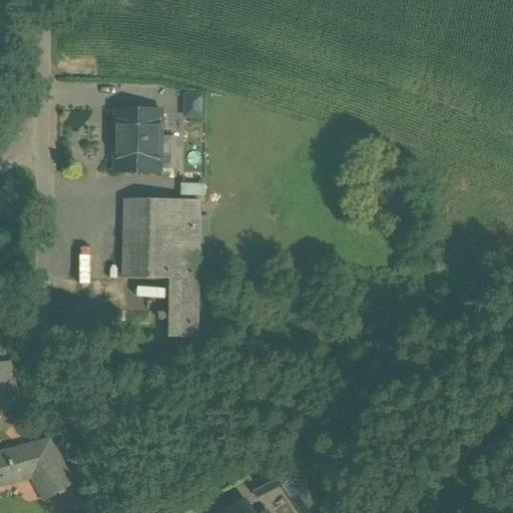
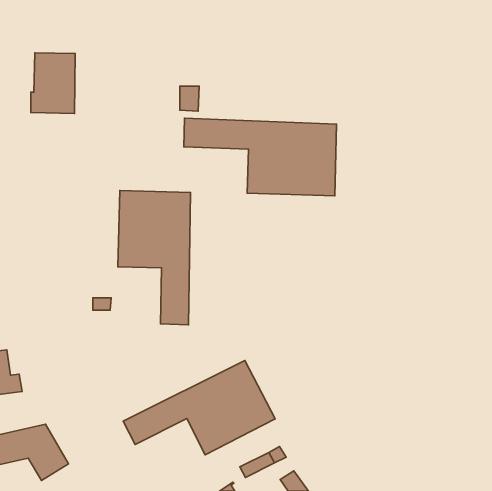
building: [113,108,159,171] -> [31,53,75,114]
building: none -> [184,118,336,196]
building: none -> [123,360,275,455]

